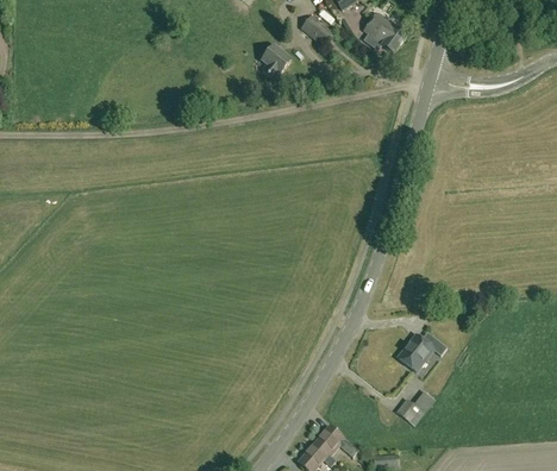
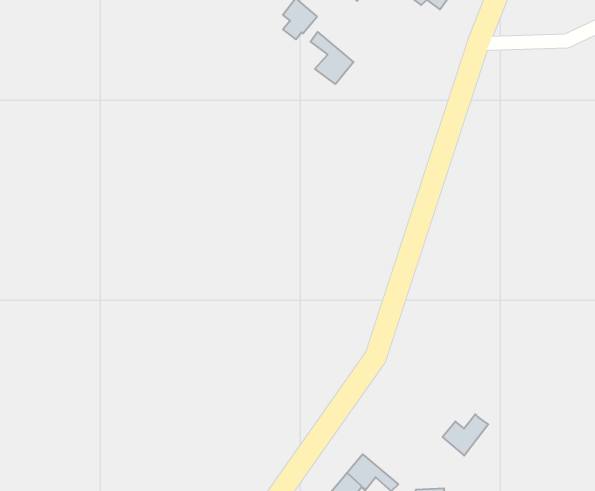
building: none -> [311,32,354,84]
building: [398,335,446,371] -> none

